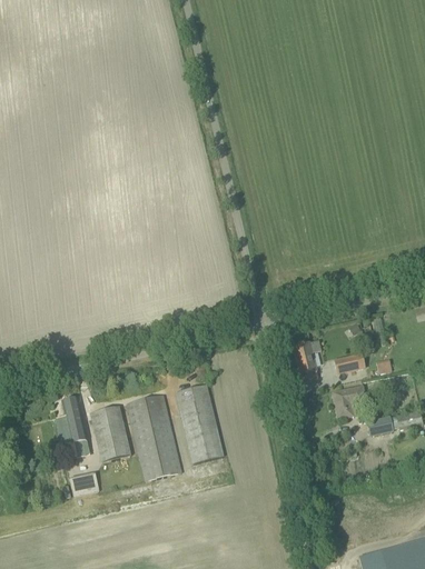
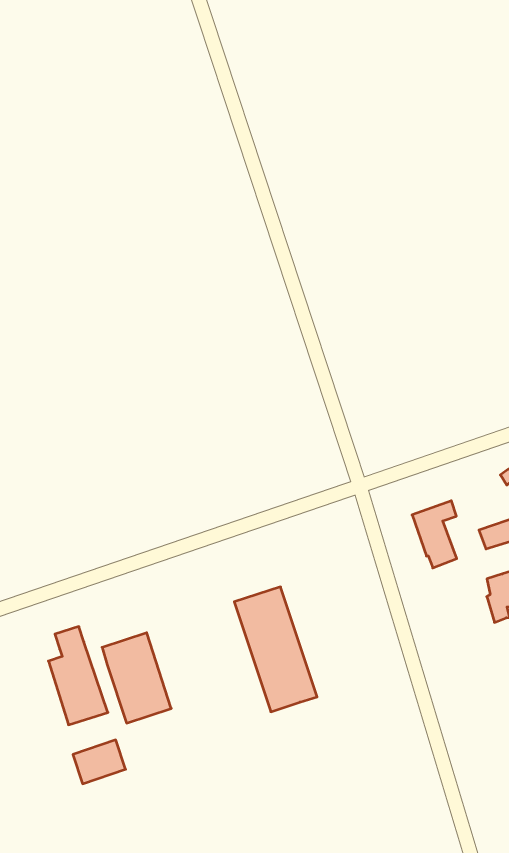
building: [127,395,180,480] -> none

